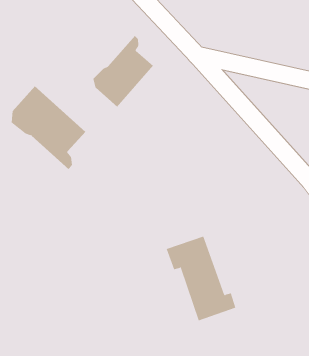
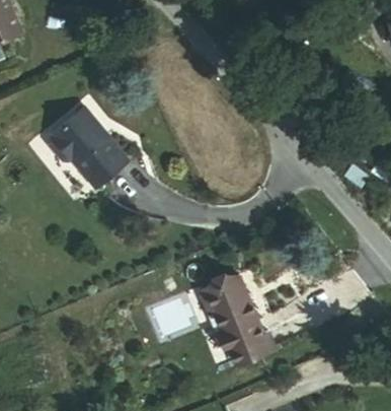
building: [93,35,154,108] -> none

